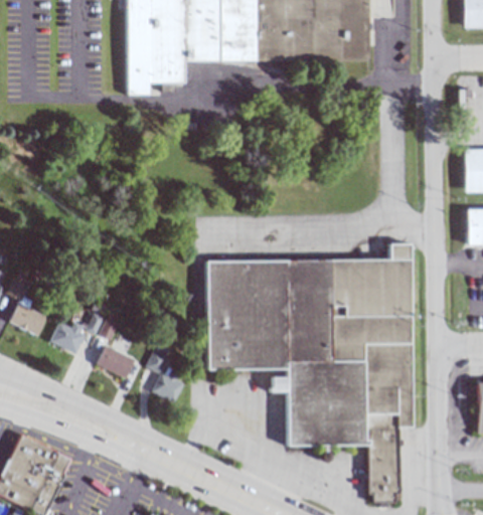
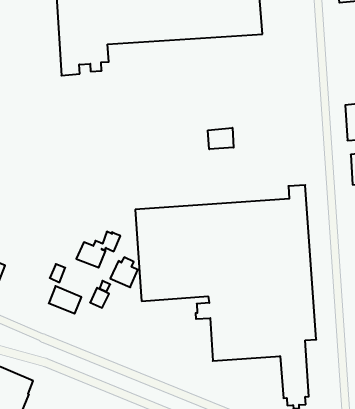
building: none -> [208,128,234,149]
building: [49,312,104,354] -> [76,232,120,268]
building: [150,368,183,404] -> [110,257,138,287]

